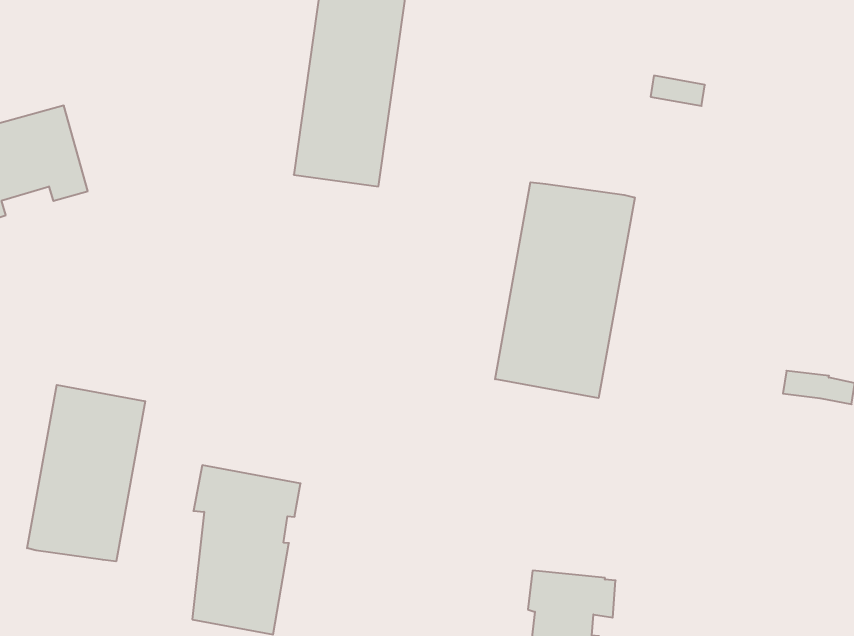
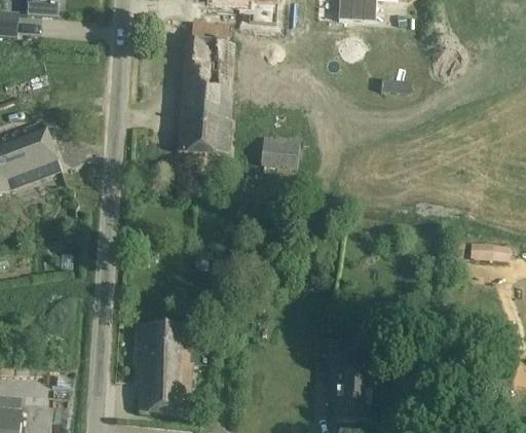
building: none -> [261,136,300,169]
building: [495,182,635,398] -> none
building: [27,385,145,561] -> none

